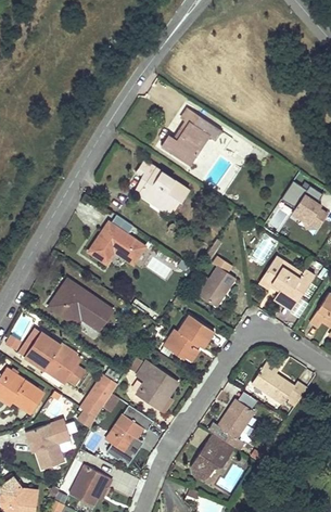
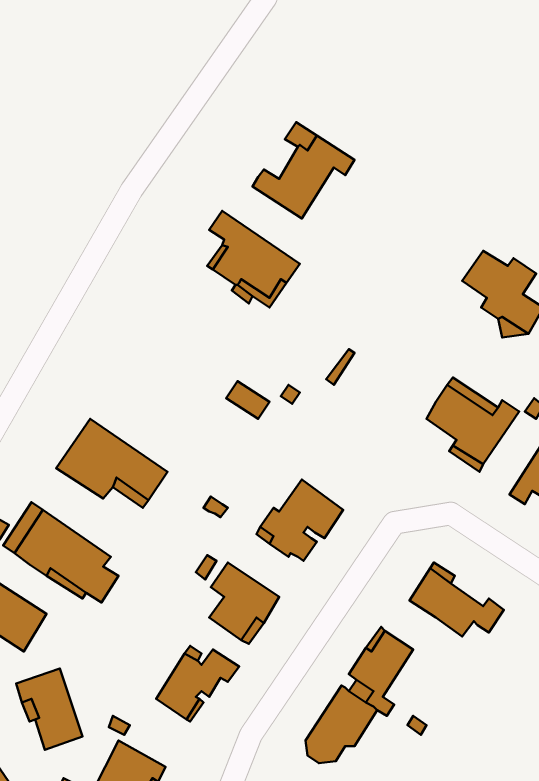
building: [88,222,144,265] -> none
building: [198,256,234,307] -> none
building: [79,370,116,418] -> none

